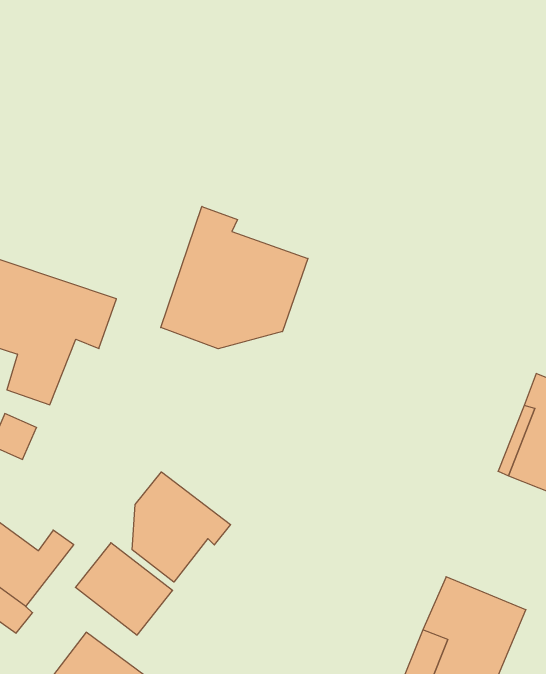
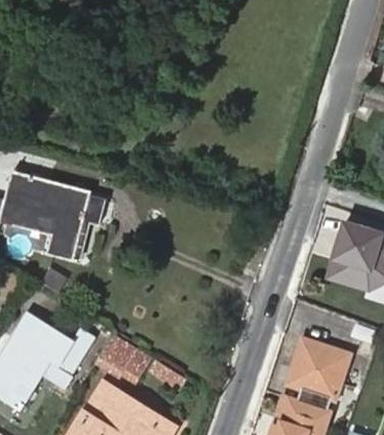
building: [161,206,308,349] -> none
building: [132,472,231,582] -> none

